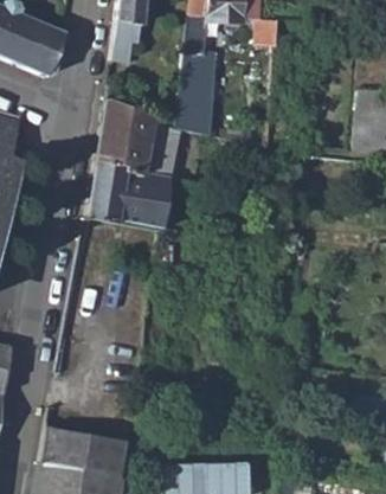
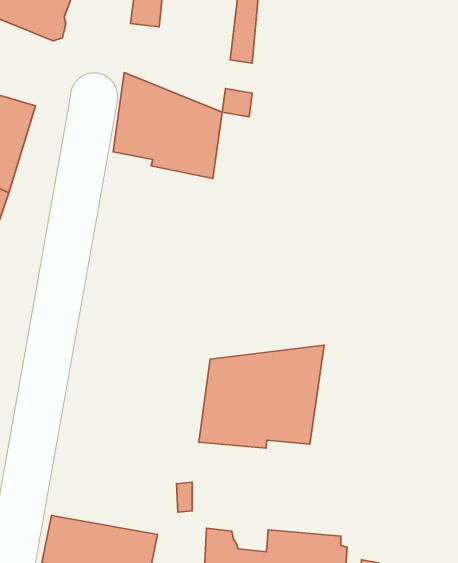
building: [86,159,169,230] -> none
building: none -> [199,345,324,448]

